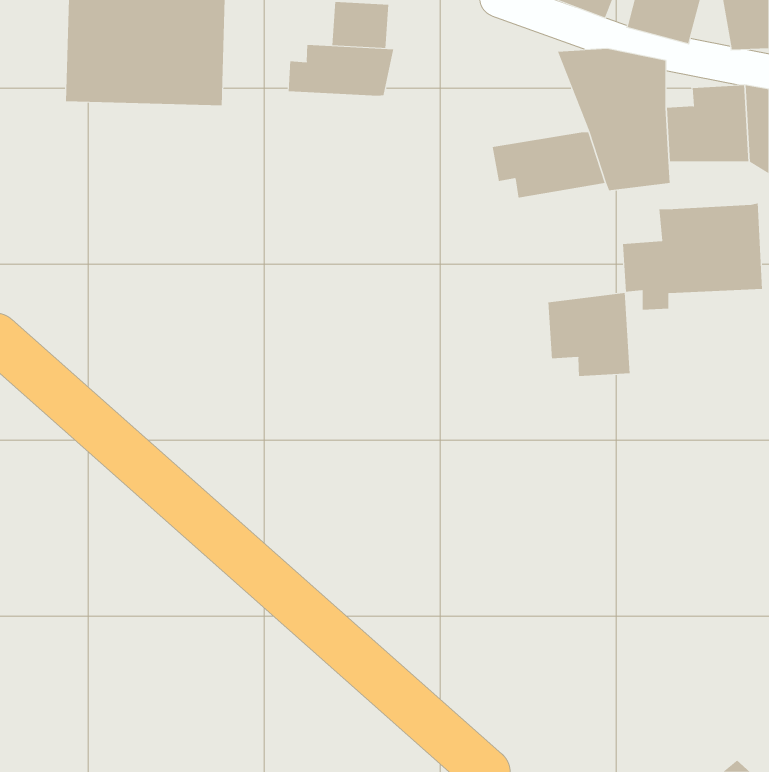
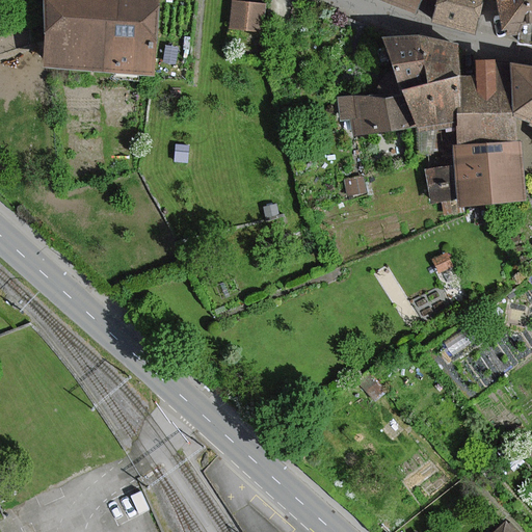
building: [288,44,394,96] -> none
building: none -> [459,111,515,143]
building: [548,292,630,377] -> none

